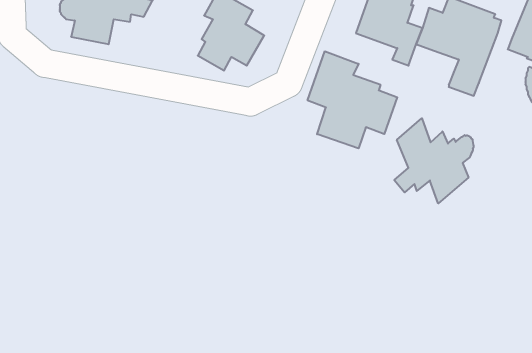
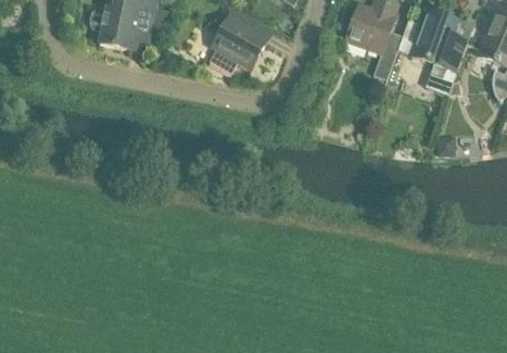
building: [308,51,397,148] -> none
building: [394,118,474,203] -> none

